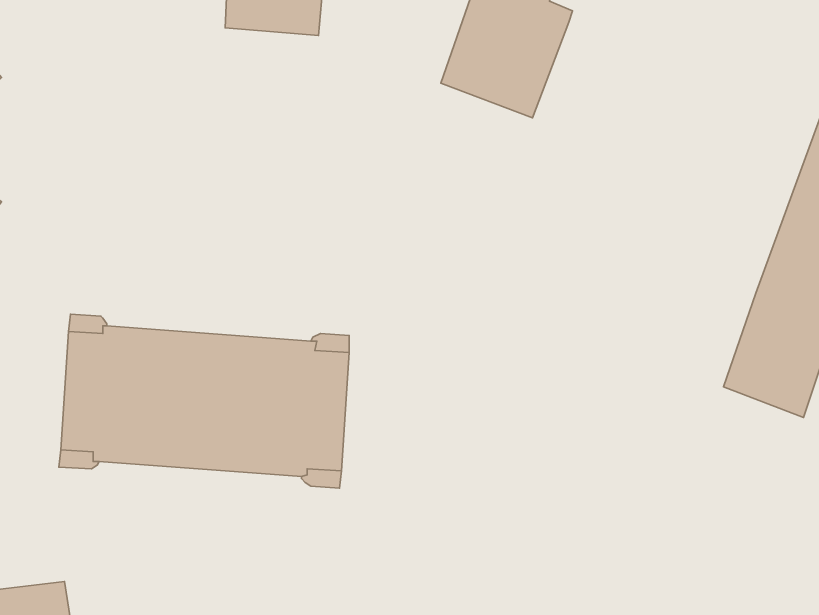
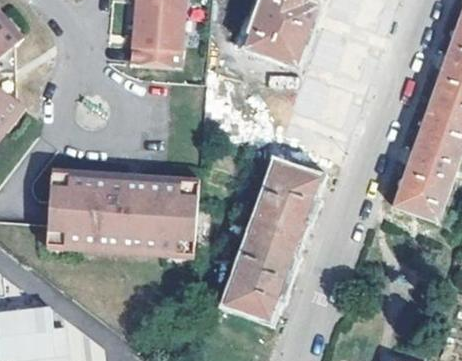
building: none -> [130,16,183,65]
building: none -> [226,162,318,316]

